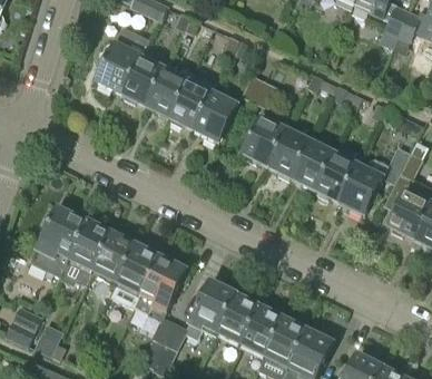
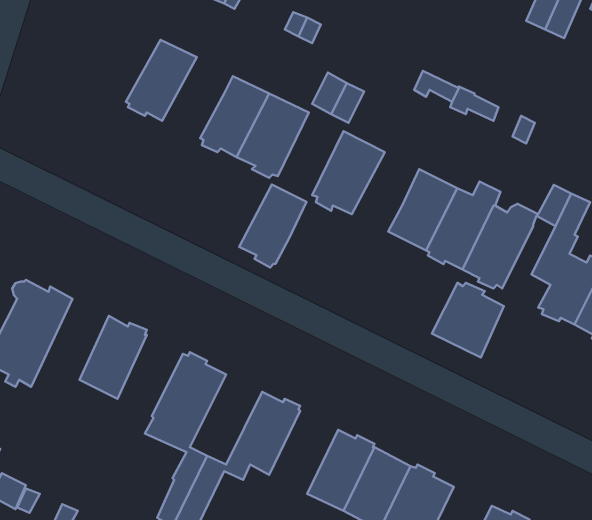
building: [96,35,149,94] -> none
building: [145,65,190,117] -> none
building: [267,126,311,179] -> [239,185,306,267]
building: none -> [432,283,504,357]
building: [60,221,110,281] -> none
building: [116,244,158,297] -> none
building: [214,293,258,347] -> none

